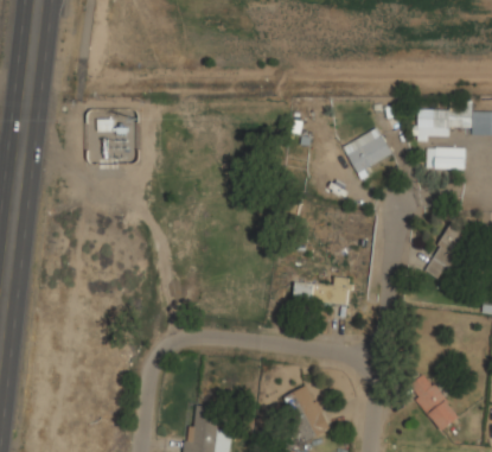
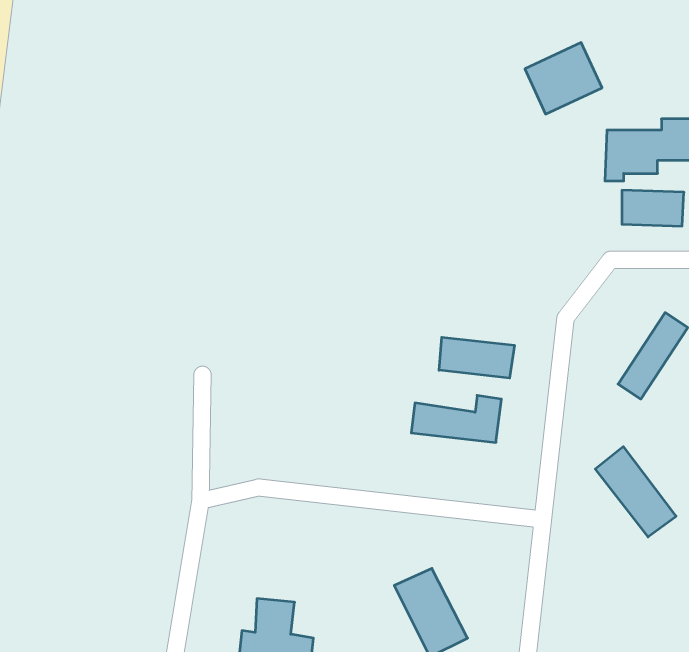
building: [343,127,391,172] -> [525,43,602,114]
building: none -> [439,337,514,378]
building: [408,373,459,429] -> [595,447,676,537]

